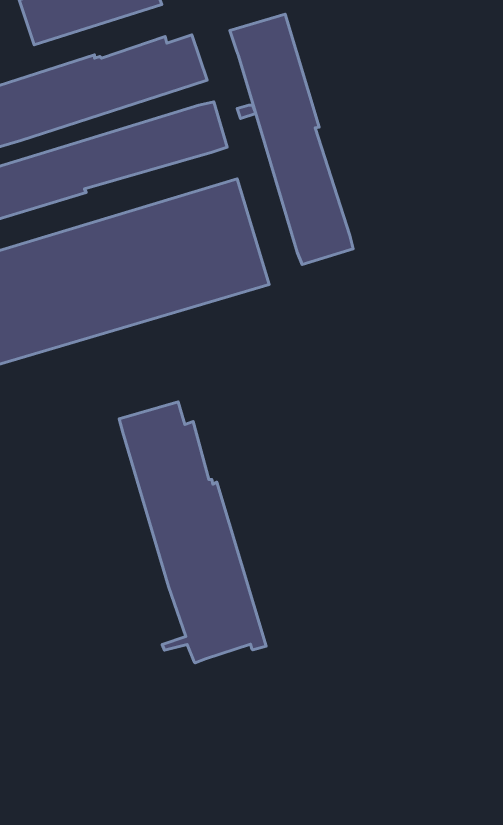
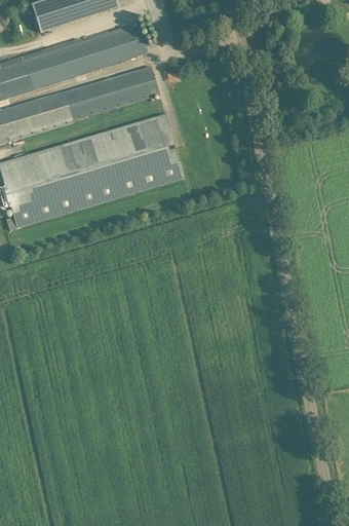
building: [230,14,353,264] -> none
building: [119,402,266,663] -> none

